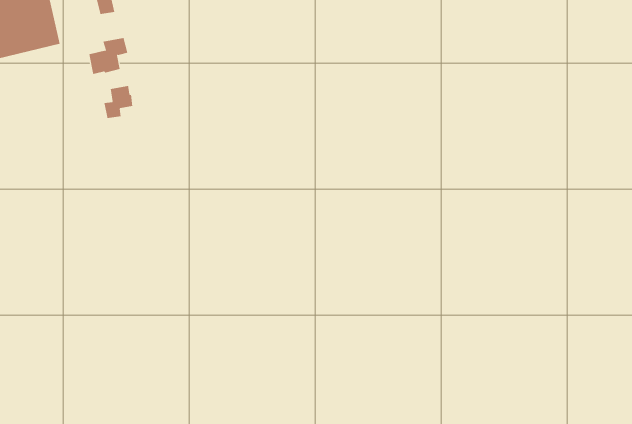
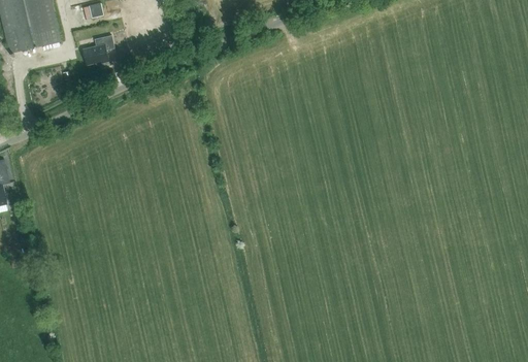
building: [104,85,133,119] -> none

